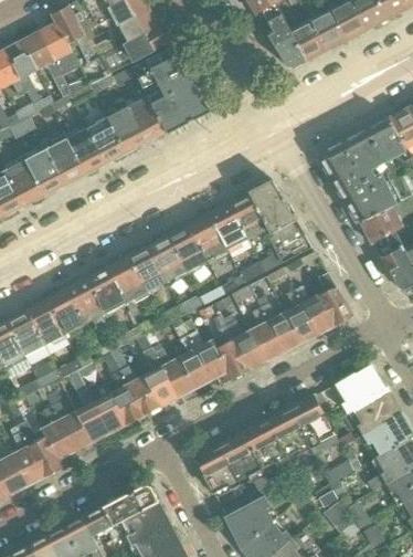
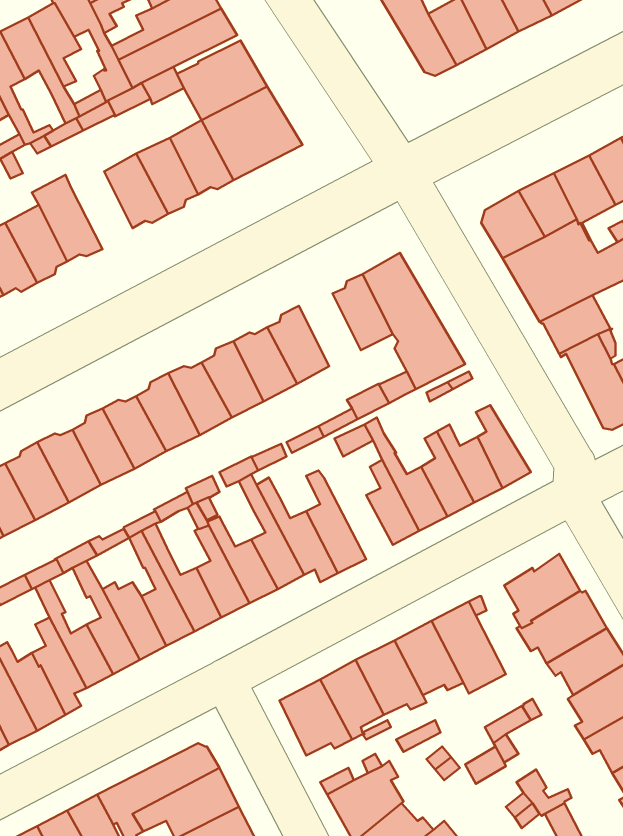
building: [65,128,104,177] -> none
building: [208,204,246,250] -> none
building: [223,316,266,370] -> none

